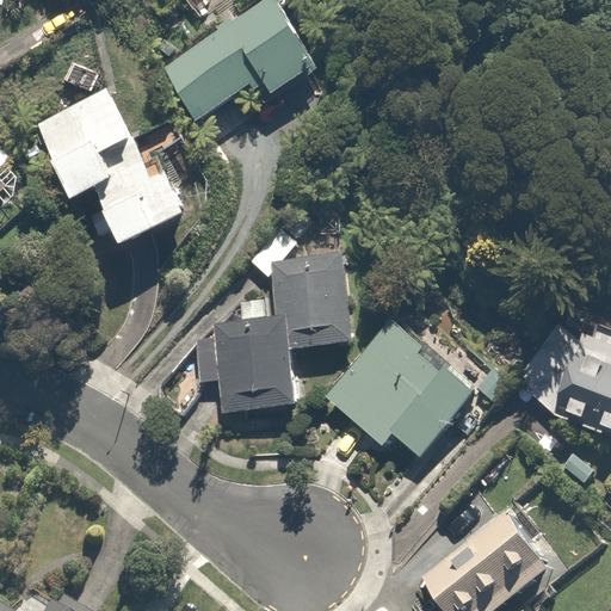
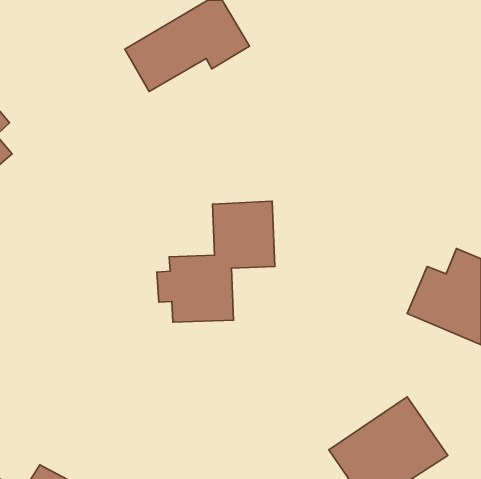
building: [33,87,190,246] -> none
building: [322,315,476,457] -> none

